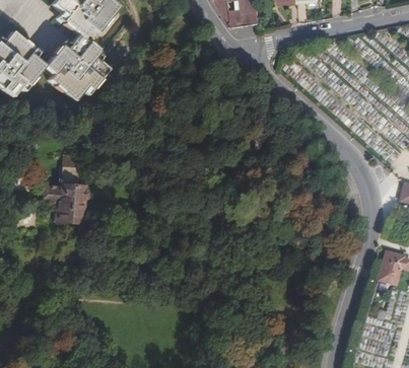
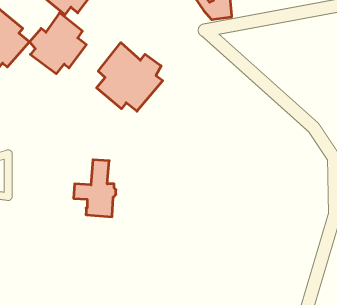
building: none -> [97,43,163,111]
building: [39,160,83,220] -> [74,160,116,217]

